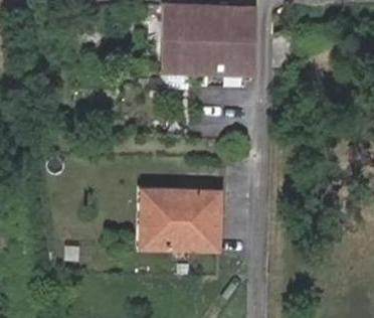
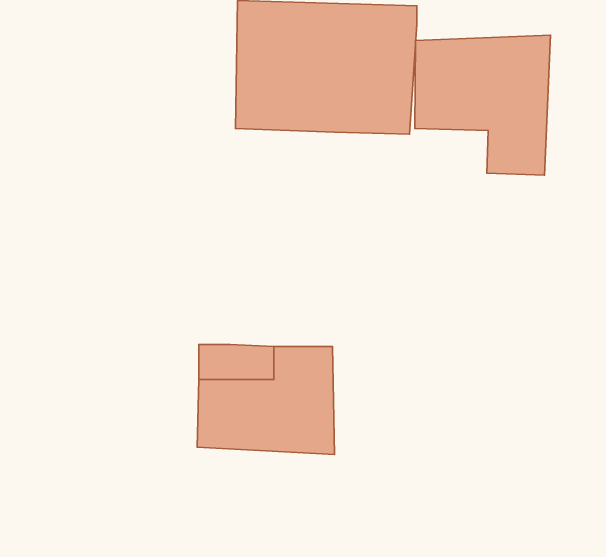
building: none -> [415,35,550,175]

